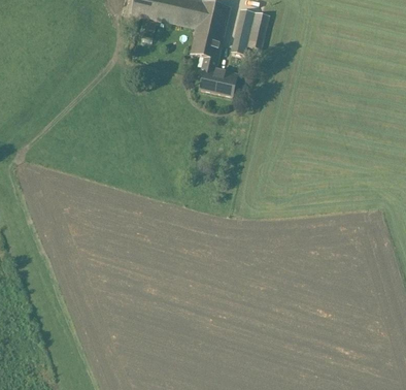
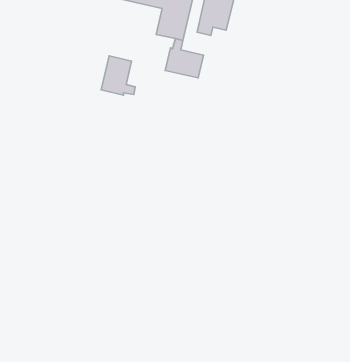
building: none -> [101,56,135,95]

